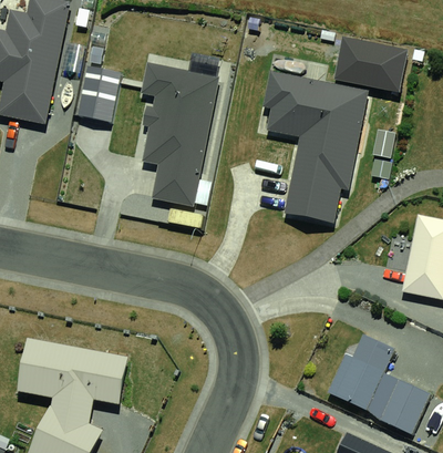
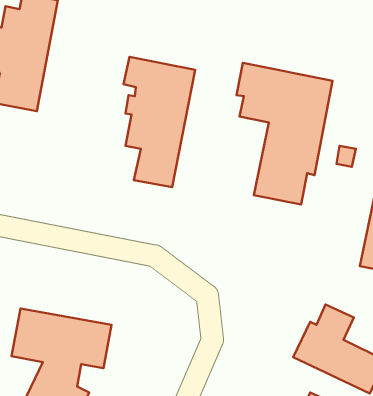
building: [333,37,408,92] -> none
building: [78,65,121,121] -> none

